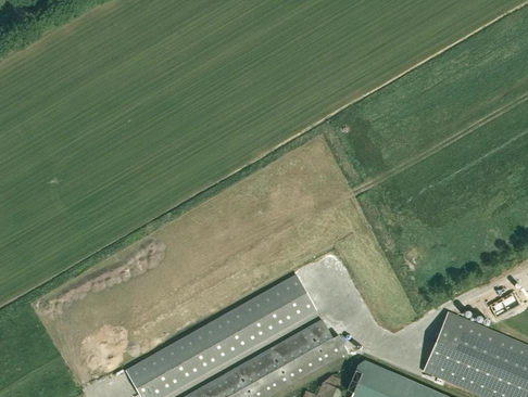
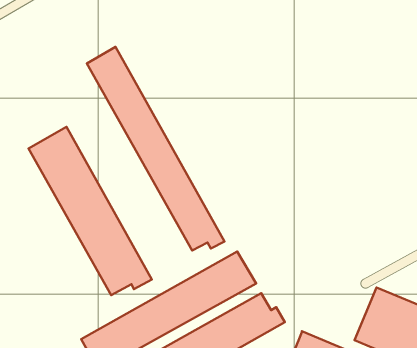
building: none -> [87,47,224,251]
building: none -> [28,127,152,295]

